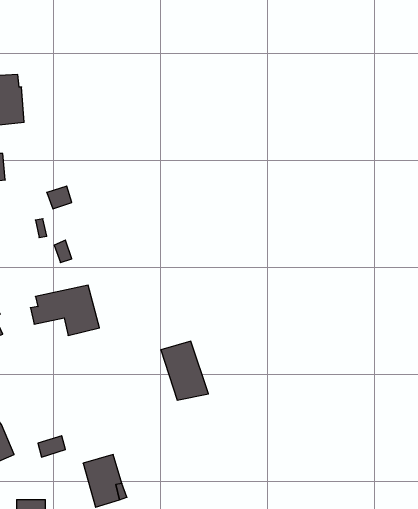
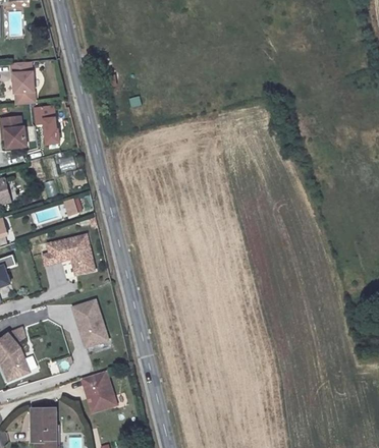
building: none -> [31,105,57,146]
building: [161,341,208,400] -> [71,298,110,346]

